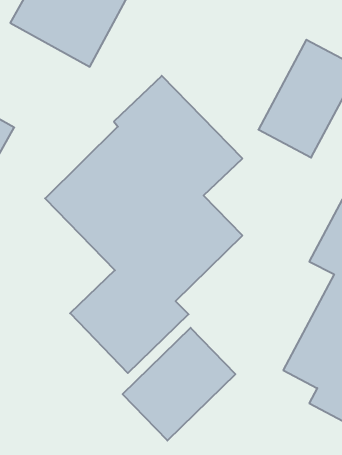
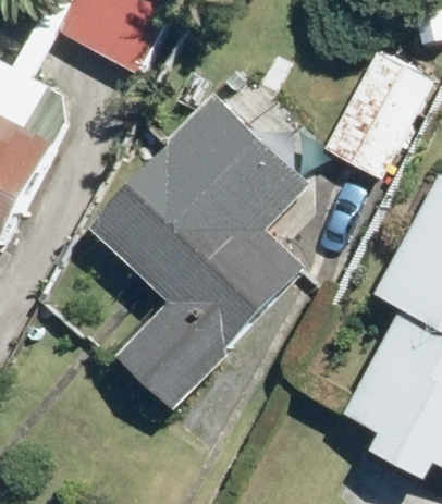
building: [123,328,235,441] -> none

